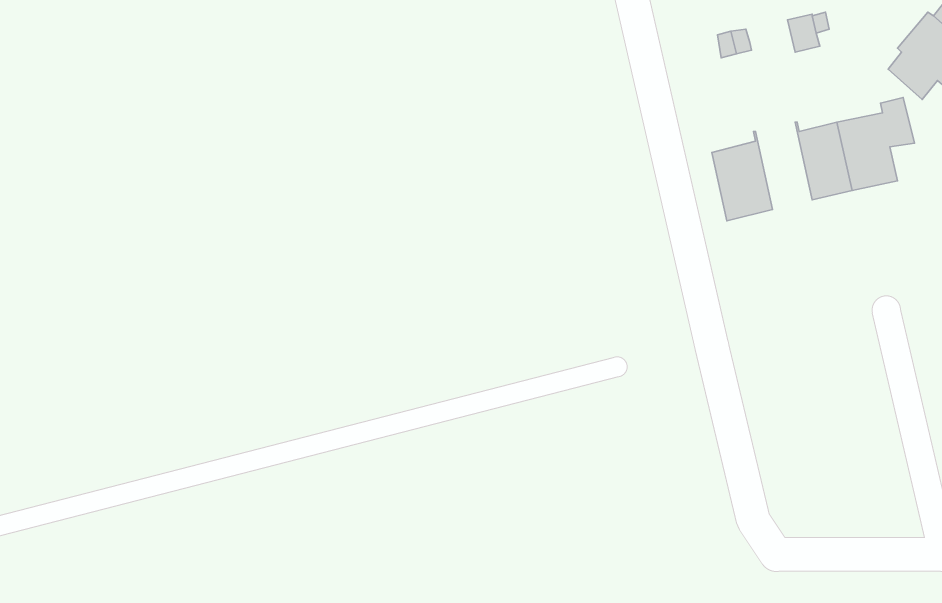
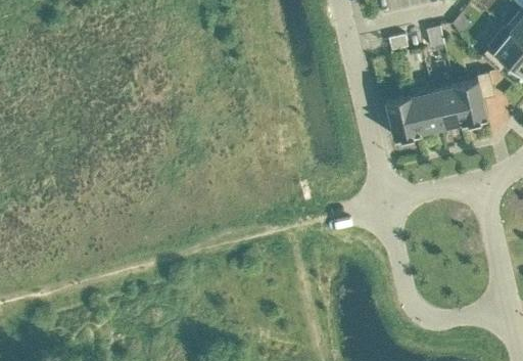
building: none -> [411,87,441,134]

